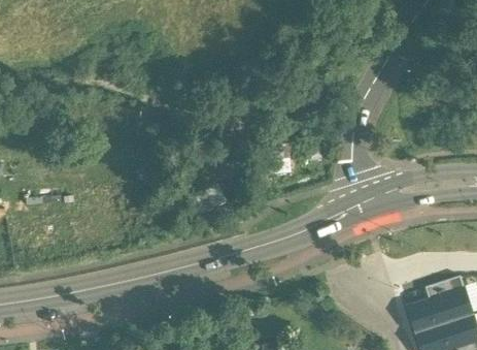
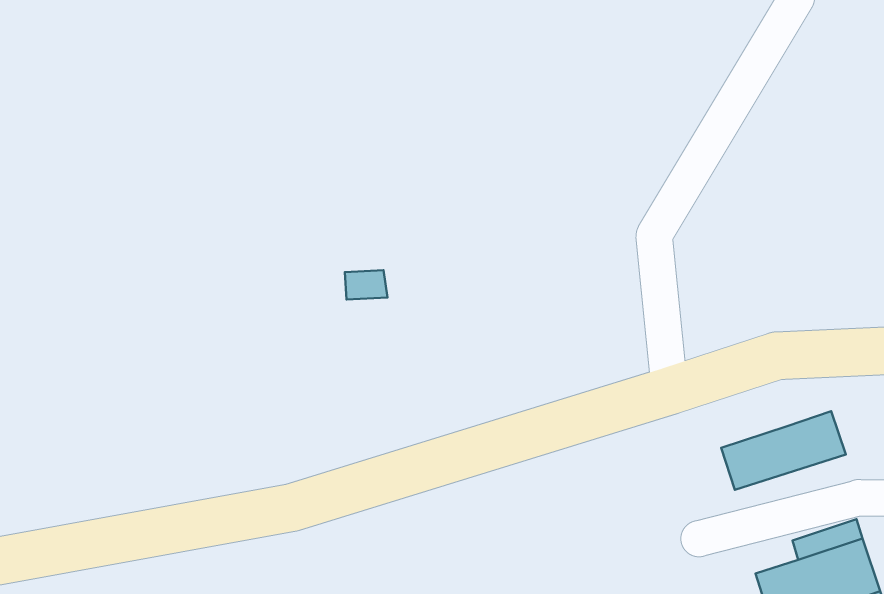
building: none -> [721,411,846,490]

